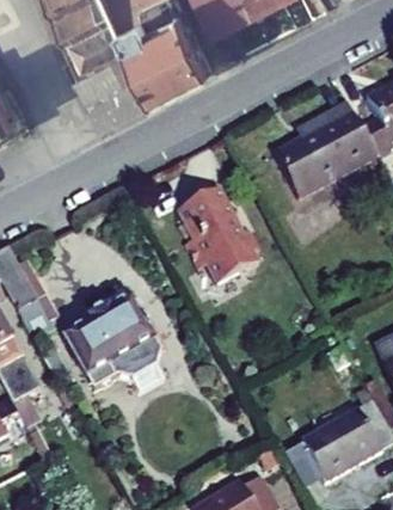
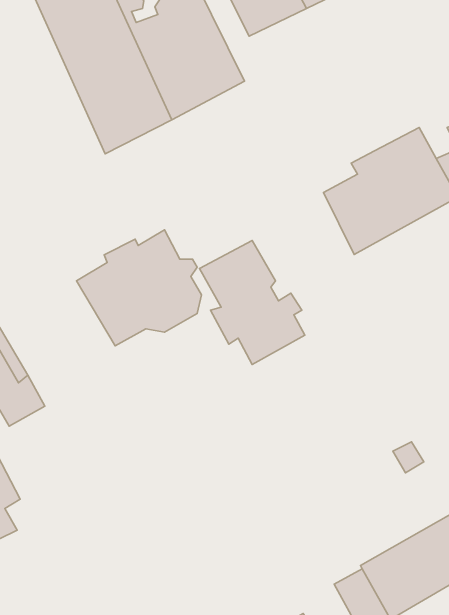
building: [62,299,159,388] -> [76,230,202,346]

